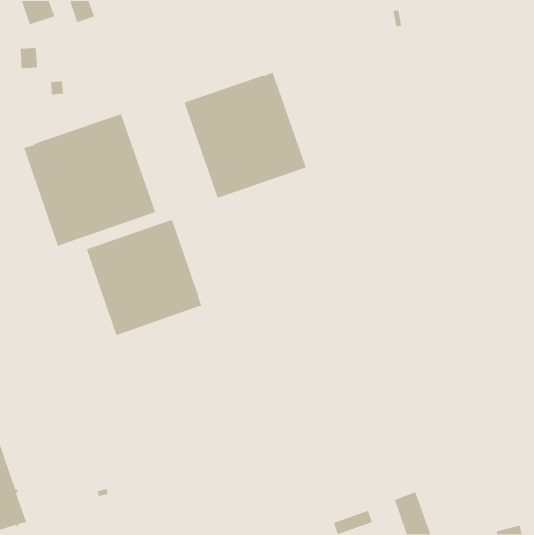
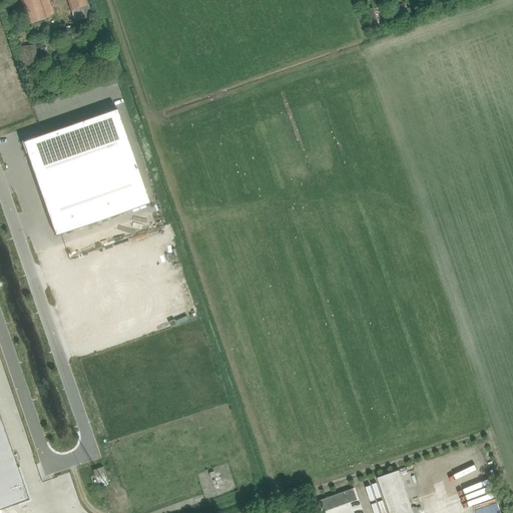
building: [184,71,307,199] -> none
building: [86,219,202,336] -> none

